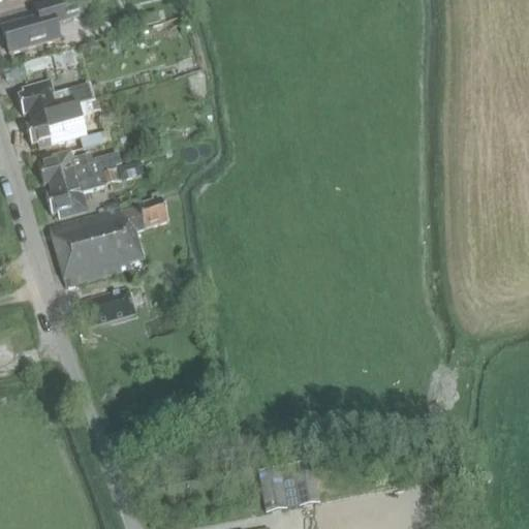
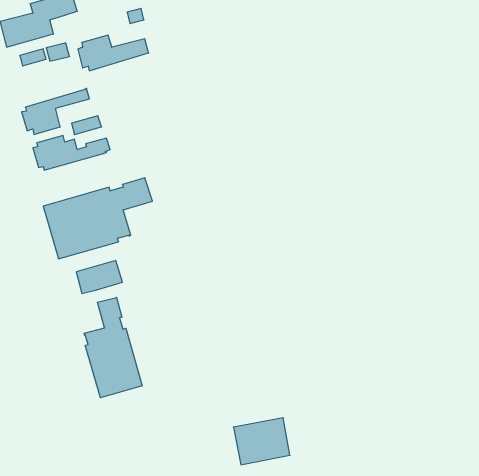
building: [18,79,95,118] -> [78,35,149,71]
building: [46,168,119,217] -> none
building: none -> [84,297,142,398]

